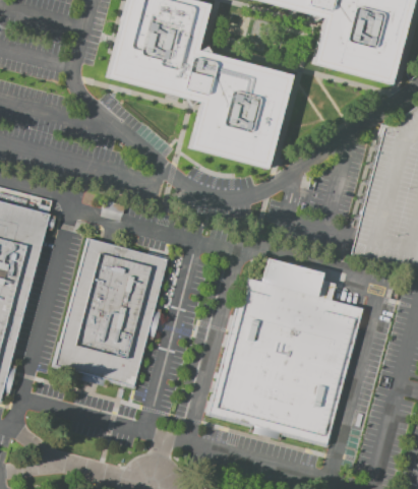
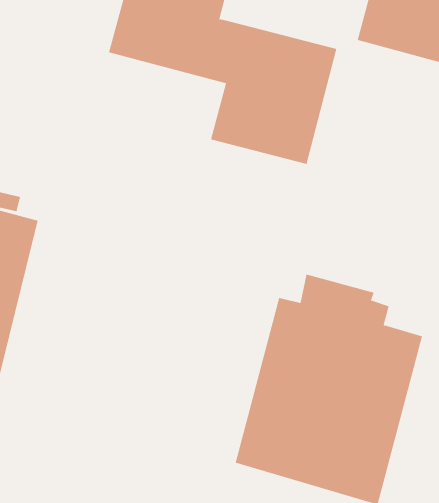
building: [55,238,168,386] -> none

